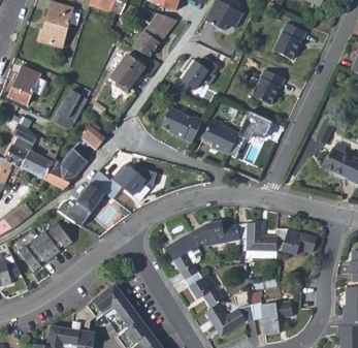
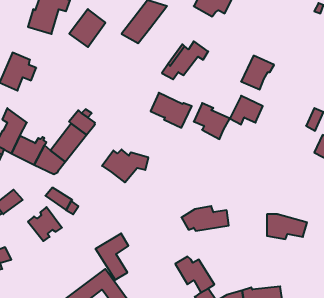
building: [271,23,303,60] -> none
building: [108,53,144,91] -> [69,9,105,47]
building: [59,88,89,122] -> none
building: [78,170,121,210] -> none
building: [236,222,276,250] -> none
building: [165,231,198,278] -> [95,233,128,280]
building: [18,235,53,271] -> none

